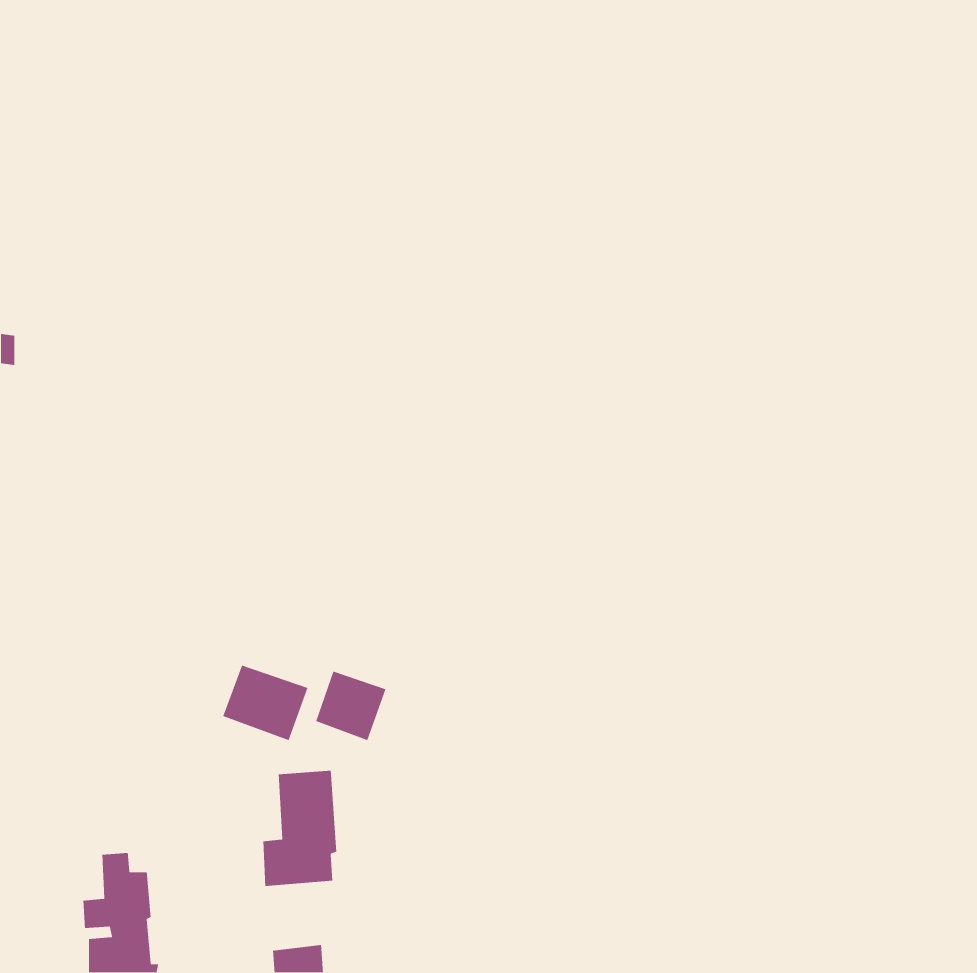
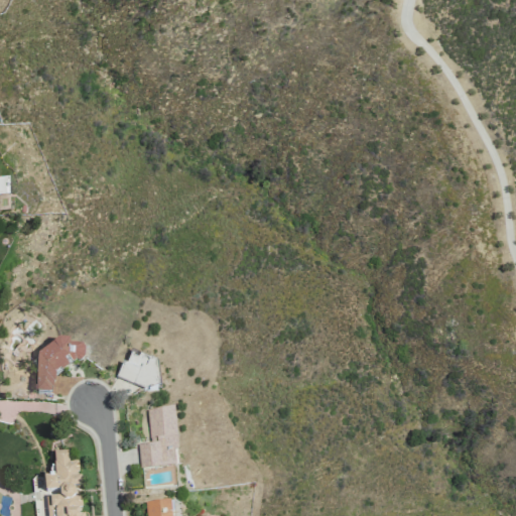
building: none -> [37,343,85,391]
building: [315,671,387,741] -> none

